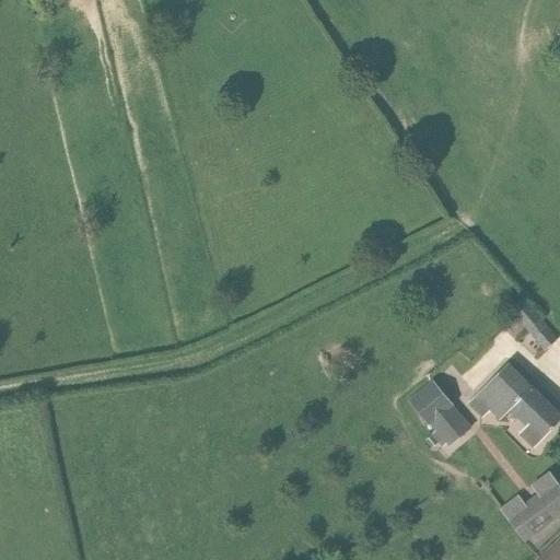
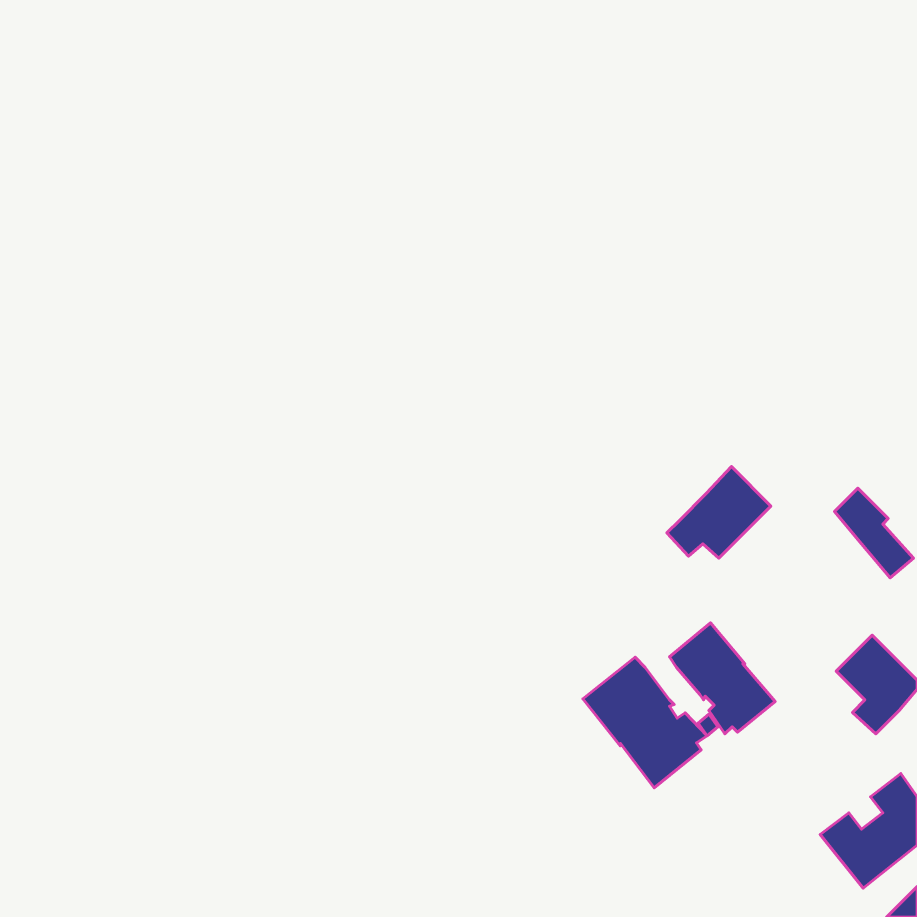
building: [468,363,532,419] -> [667,467,771,558]
building: none -> [583,657,707,788]

